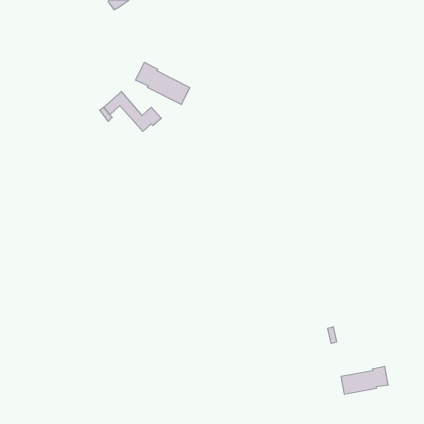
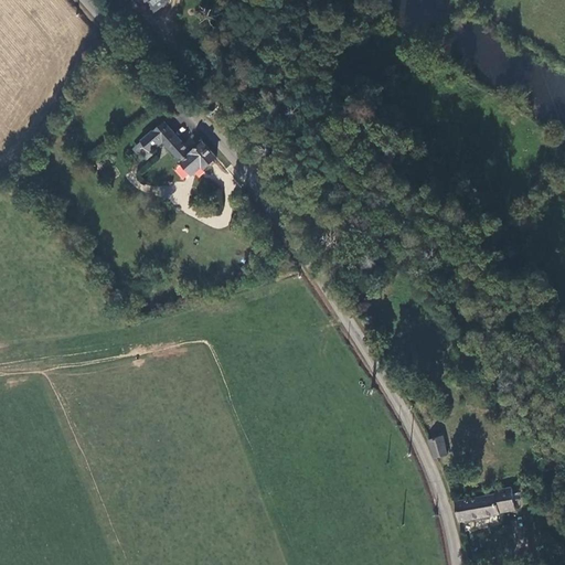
building: [136,62,190,105] -> none

